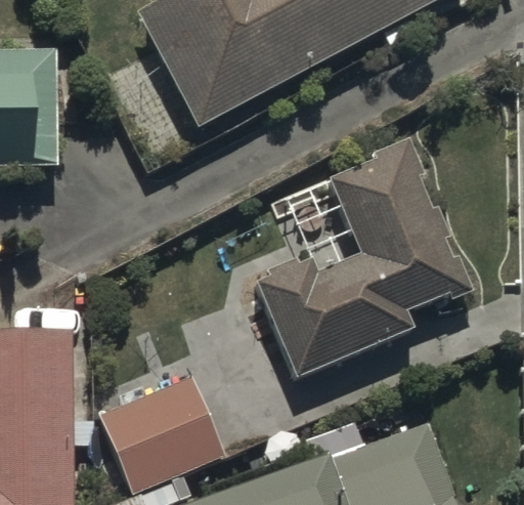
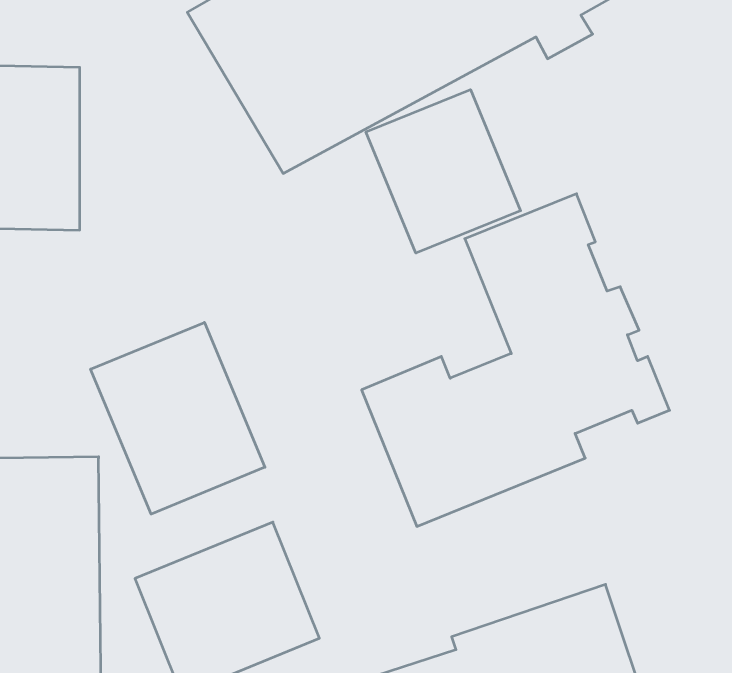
building: none -> [366,90,521,253]
building: none -> [91,322,265,514]

